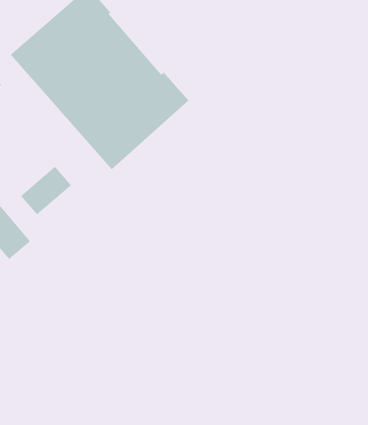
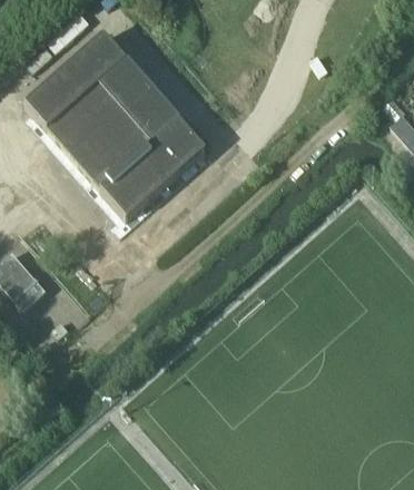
building: [20,166,72,215] -> none

